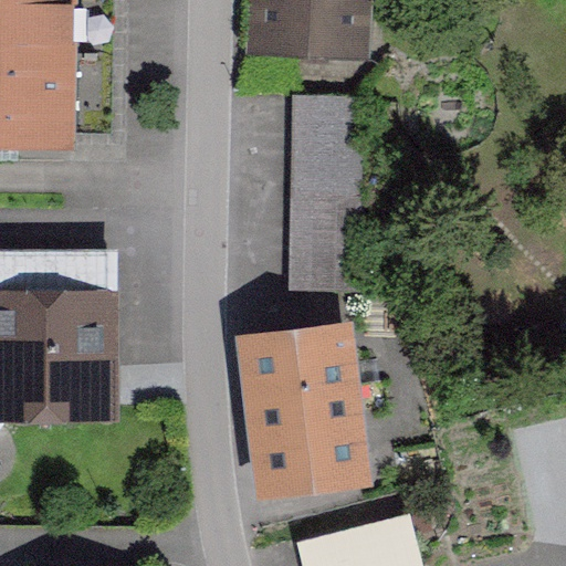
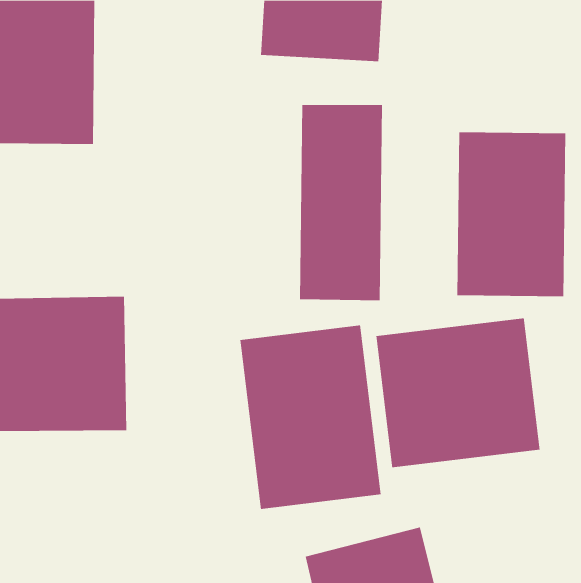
building: none -> [457,131,566,297]
building: none -> [376,317,540,468]

